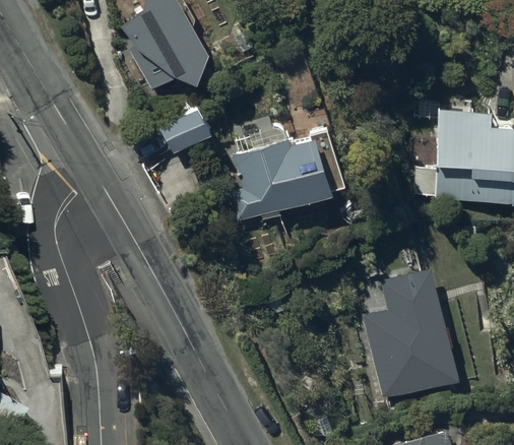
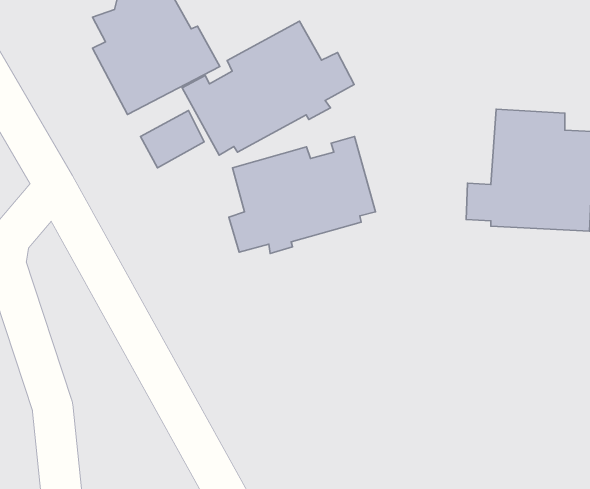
building: none -> [182,21,354,155]
building: [363,267,459,399] -> none

